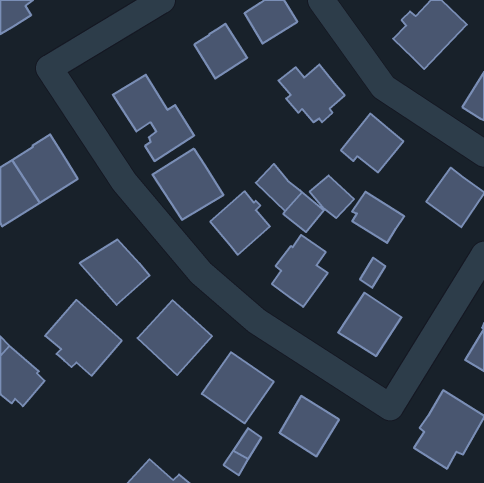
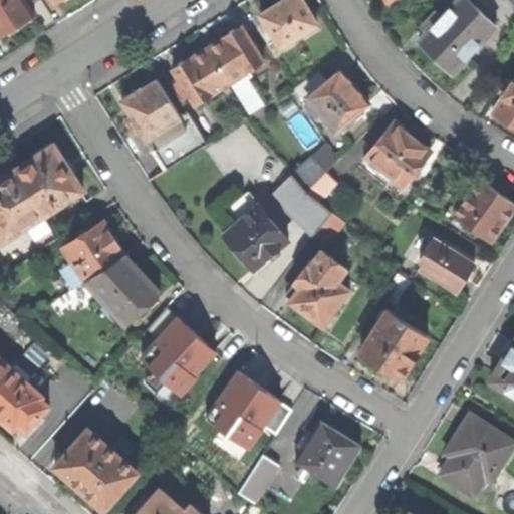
building: none -> [169,48,228,106]
building: [152,149,223,220] -> none
building: [310,175,354,218] -> [290,158,337,203]
building: [352,192,404,243] -> [418,238,473,292]
building: none -> [63,222,124,280]
building: [45,300,122,376] -> [53,428,135,508]

